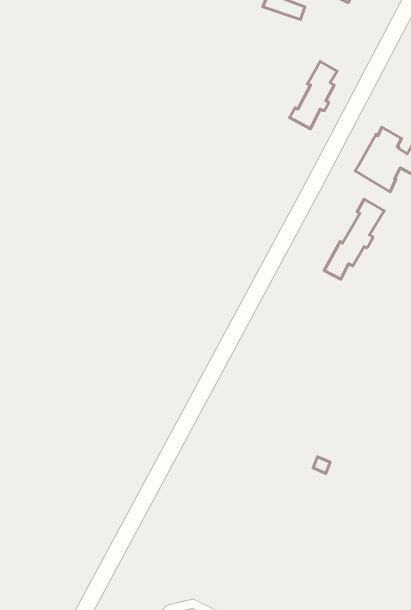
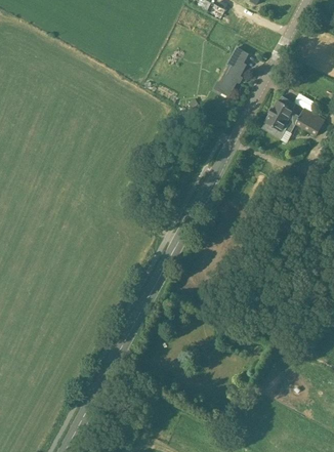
building: [324,199,384,279] -> none

